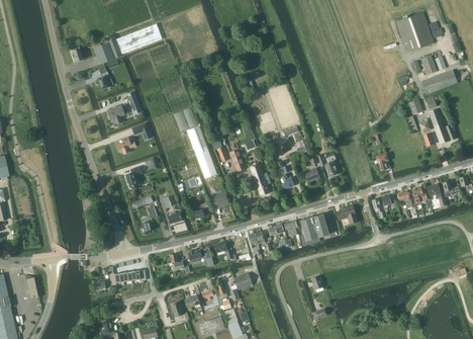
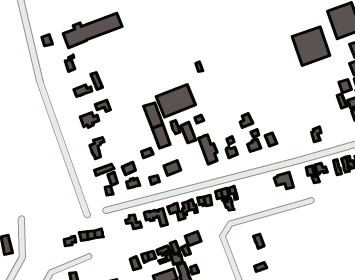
building: none -> [292,27,330,65]
building: none -> [156,84,195,117]
building: [299,214,328,245] -> none

